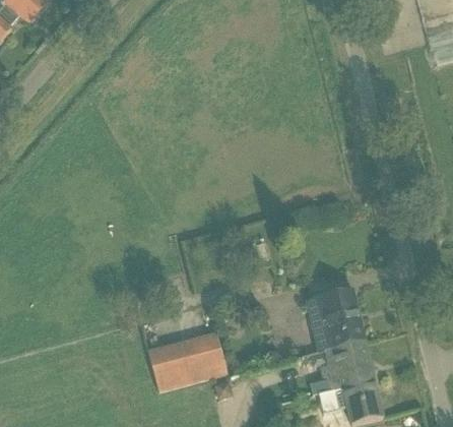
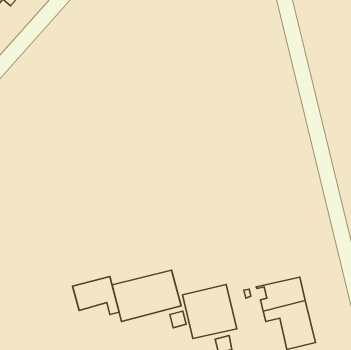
building: [303,288,366,351] -> [182,284,237,339]
building: none -> [73,277,119,314]

